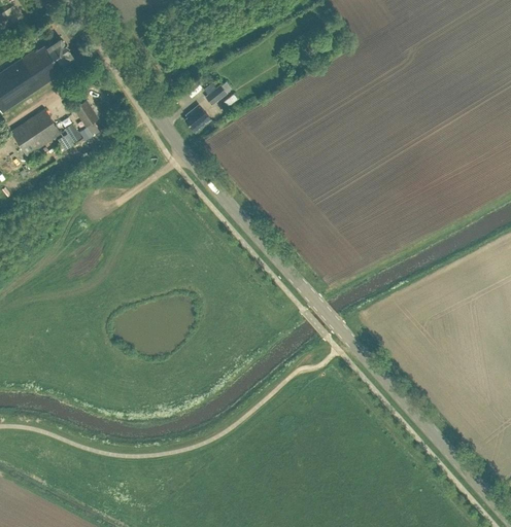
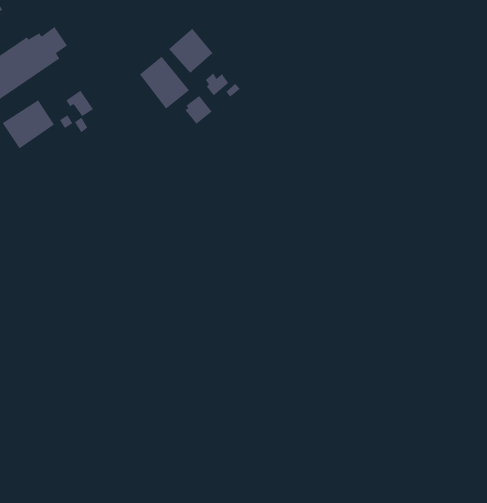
building: none -> [168,28,213,73]
building: none -> [139,56,190,109]

